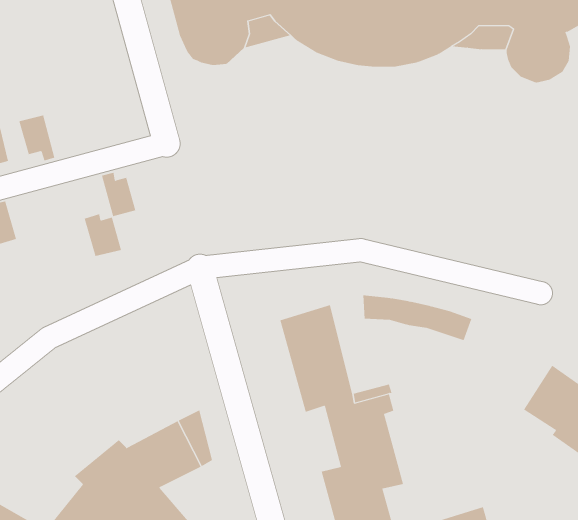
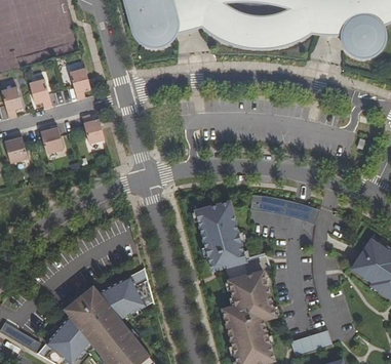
building: none -> [69,68,89,98]
building: [84,214,122,257] -> [39,125,64,153]

